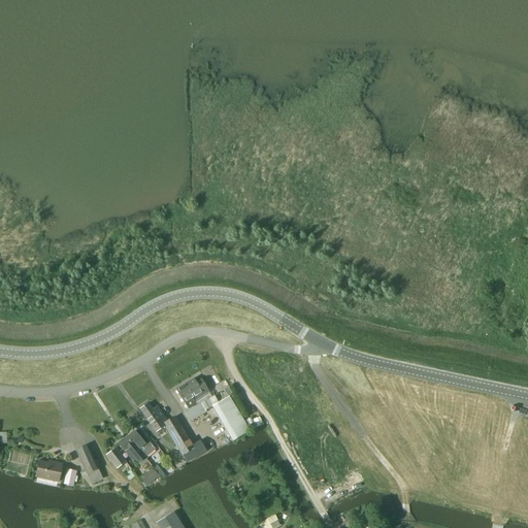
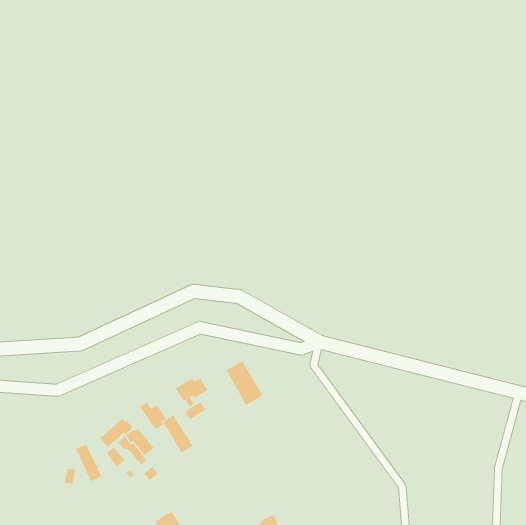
building: [211,395,250,440] -> [225,361,263,406]
building: none -> [99,417,133,447]
building: [35,460,62,482] -> none

